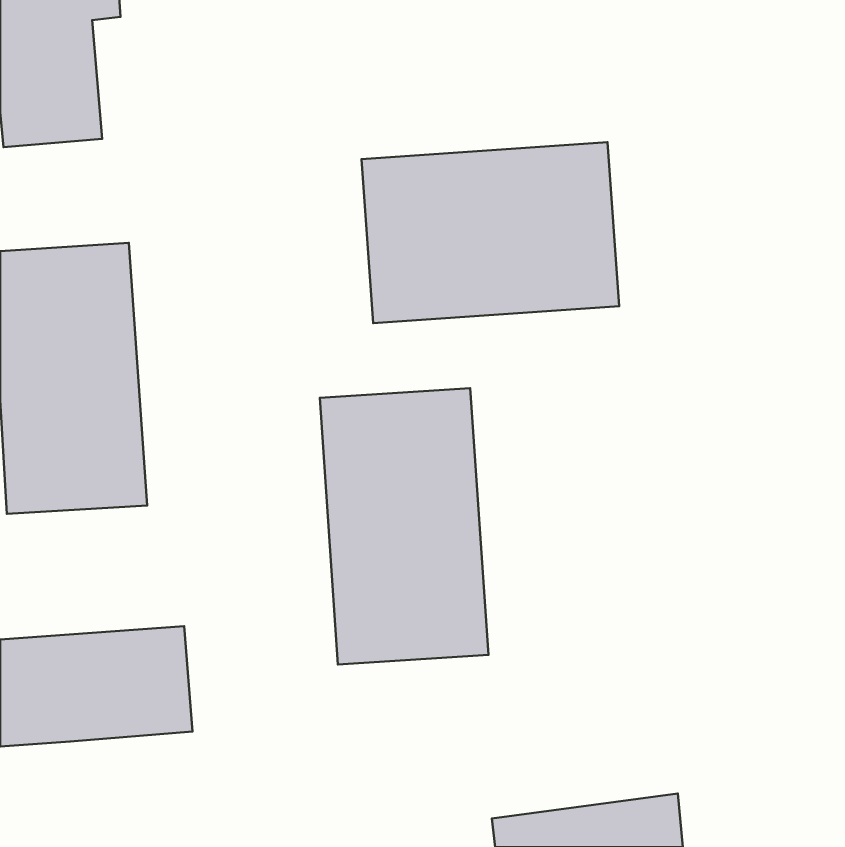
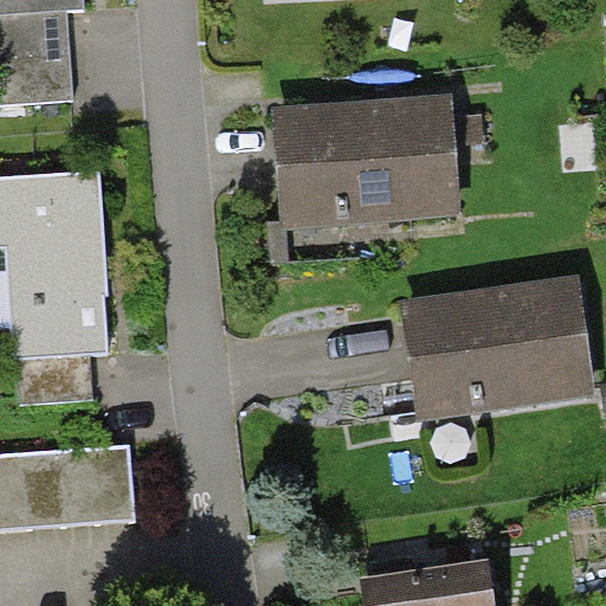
building: [320,388,488,665] -> none
building: none -> [393,279,591,414]

